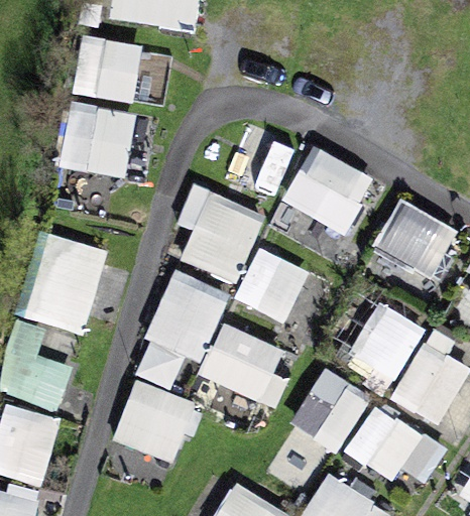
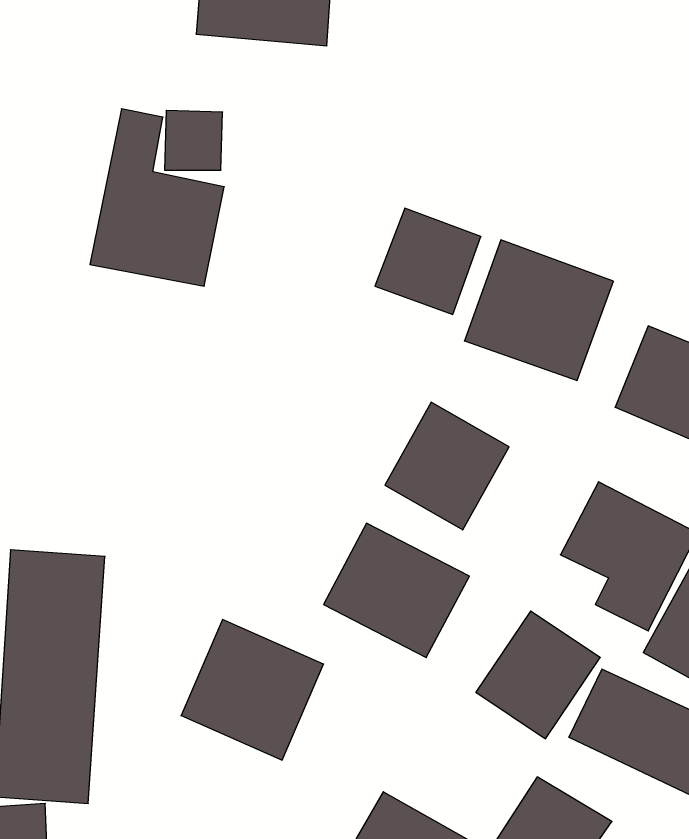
building: [178,182,264,284] -> none
building: [26,240,128,334] -> none
building: [136,271,222,391] -> none

